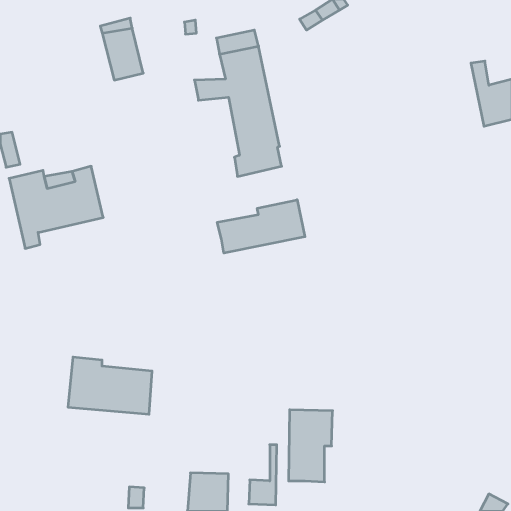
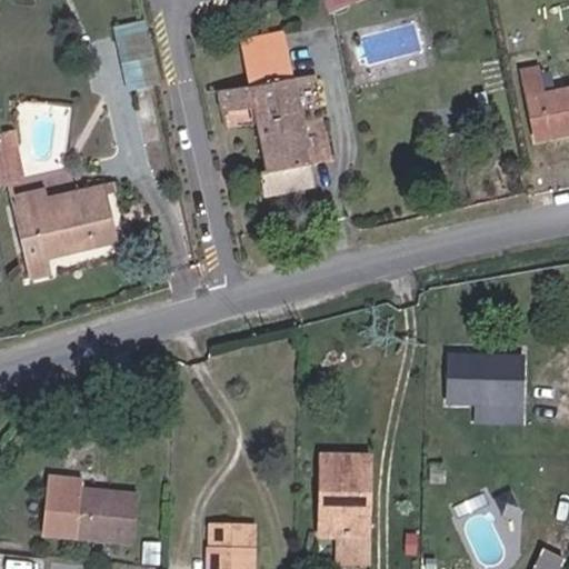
building: [217,200,305,253] -> none
building: none -> [449,353,523,423]
building: [68,357,152,414] -> [44,479,138,542]
building: [249,445,277,505] -> [338,495,369,561]

